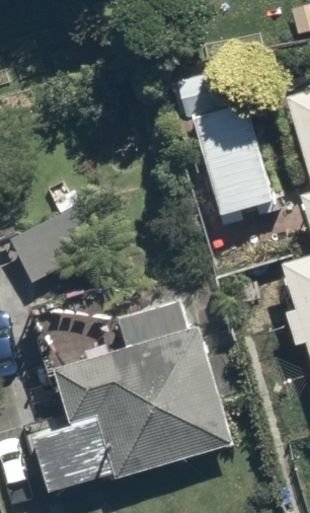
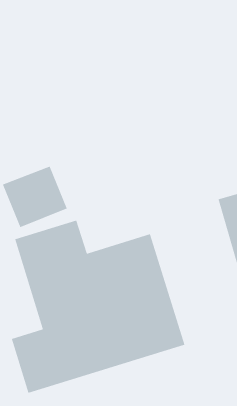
building: [193,101,270,216] -> none

